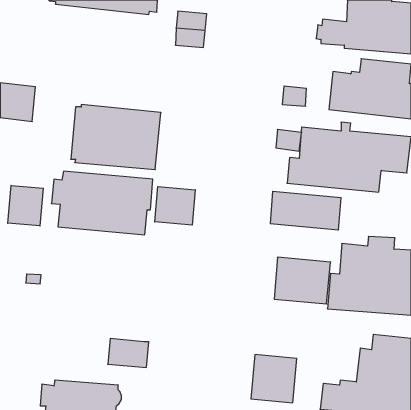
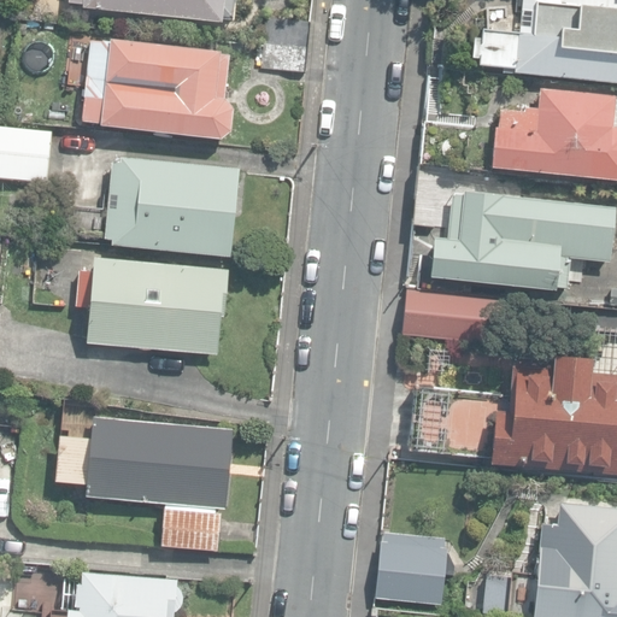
building: none -> [65,36,234,139]
building: [8,185,43,226] -> none
building: [155,187,195,225] -> none
building: none -> [57,417,234,510]

